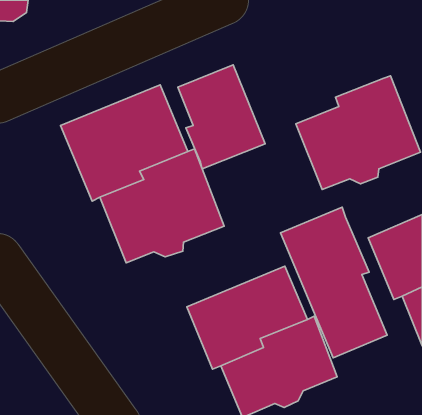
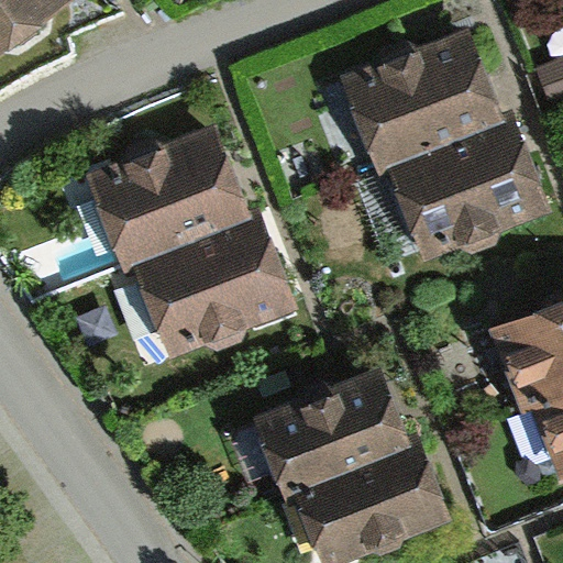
building: none -> [340,29,508,183]
building: [178,65,265,169] -> none
building: [280,207,387,358] -> none

